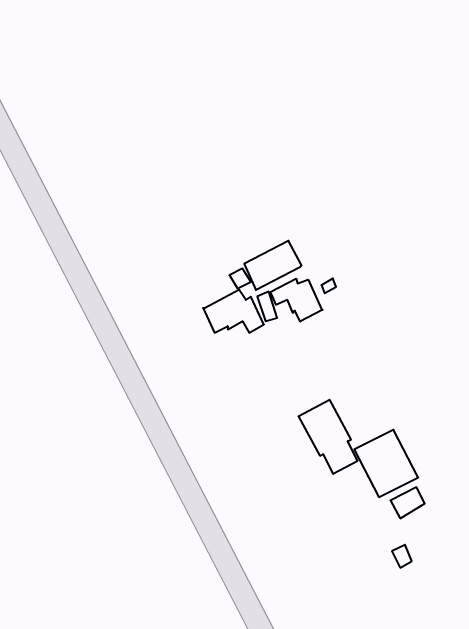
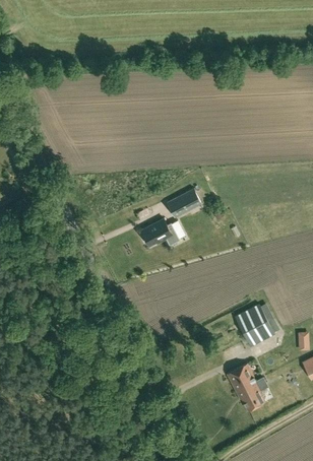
building: [271,279,323,322] -> none
building: [298,400,358,474] -> [227,365,263,410]

